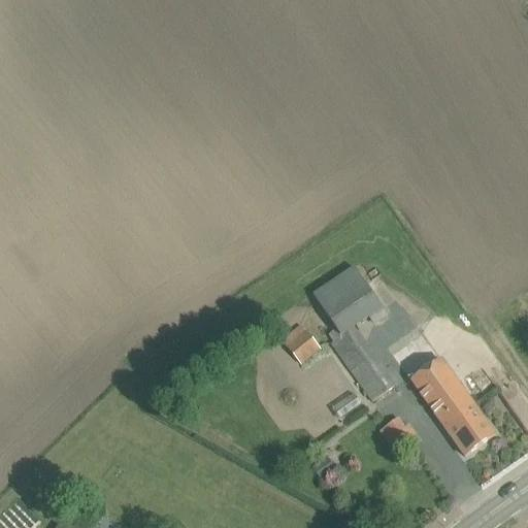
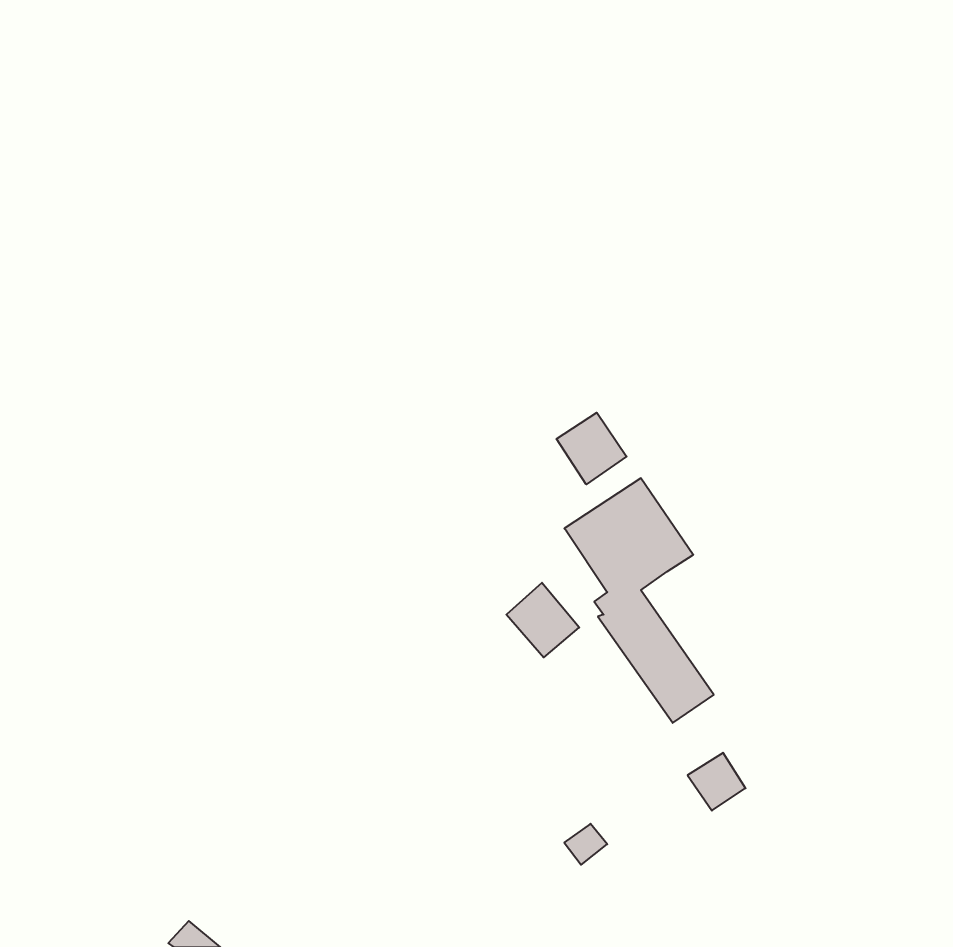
building: none -> [557,413,627,484]
building: [410,356,495,454] -> none

